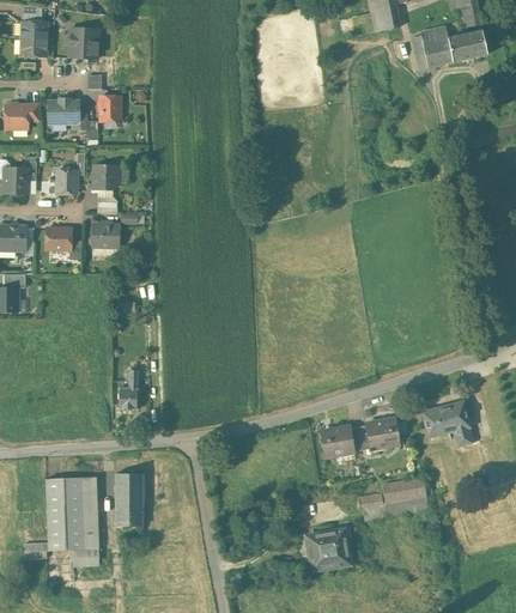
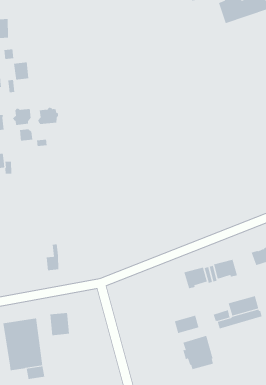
building: [90,221,122,245] -> [38,107,59,125]
building: none -> [174,315,199,334]
building: [115,505,142,526] -> none

